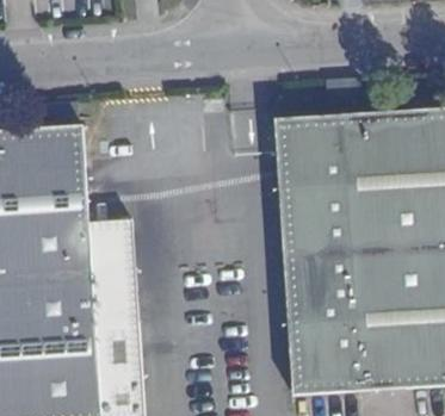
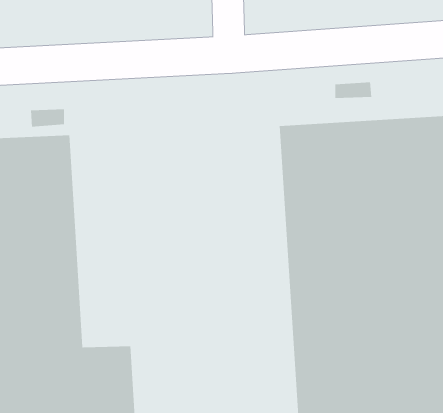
building: [88,219,138,323] -> none

